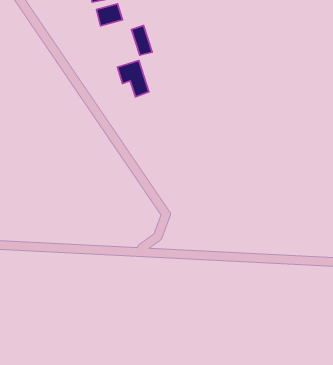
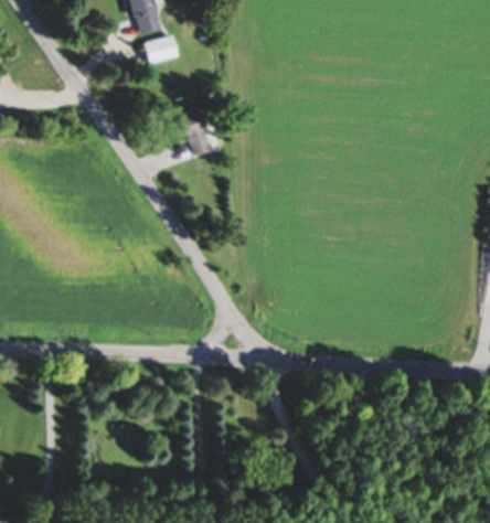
building: [132,25,152,55] -> none

